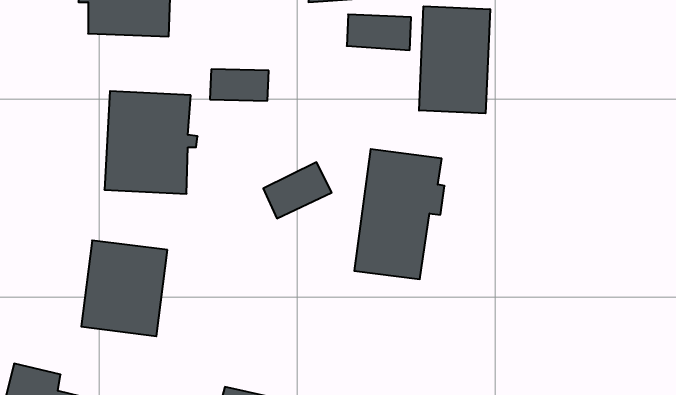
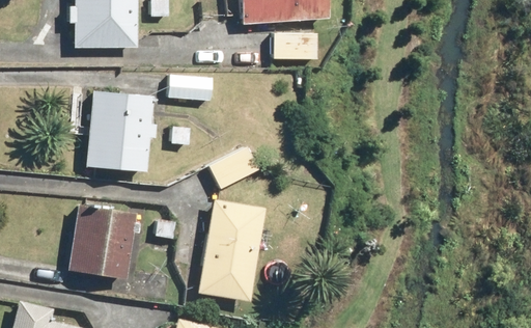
building: [419,6,490,113] -> none
building: [354,149,445,279] -> [199,200,268,299]

